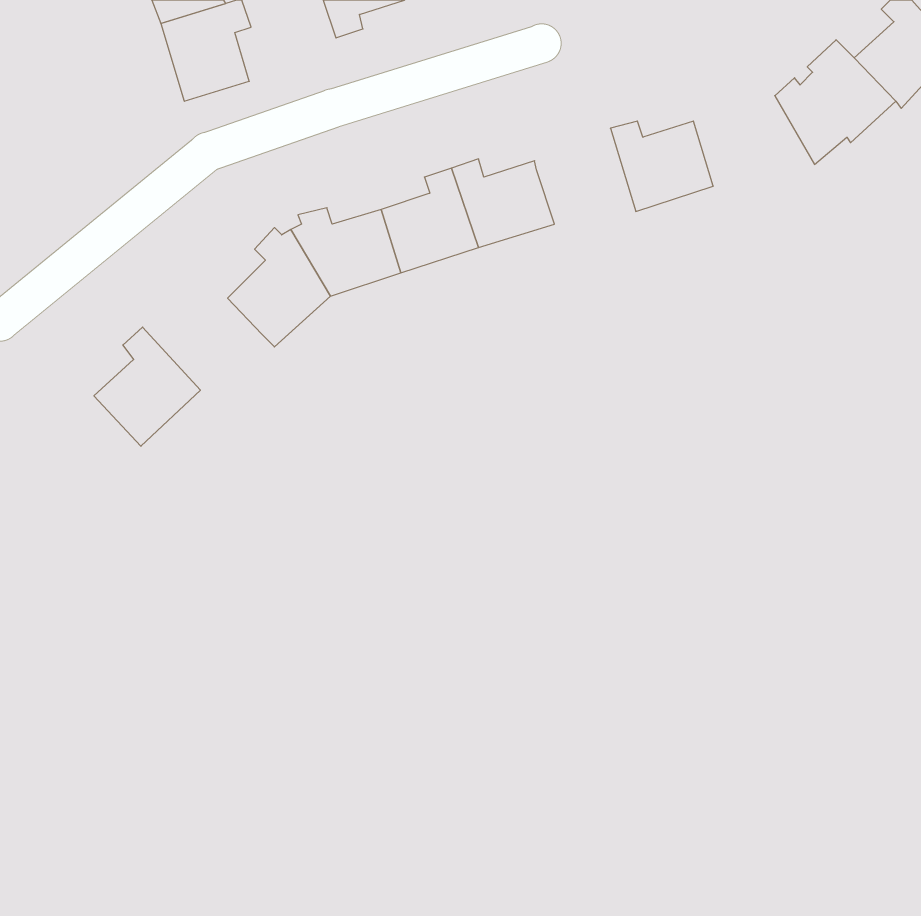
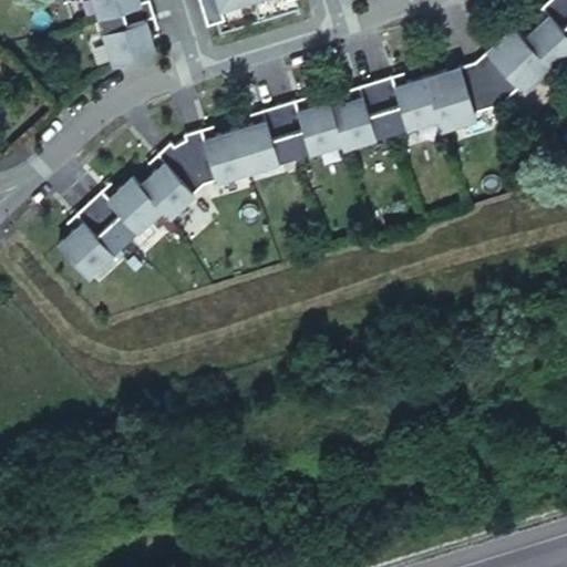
building: none -> [426,63,501,128]
building: none -> [330,83,391,148]
building: none -> [89,178,162,244]

